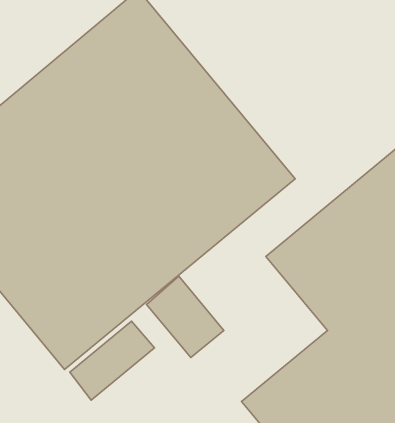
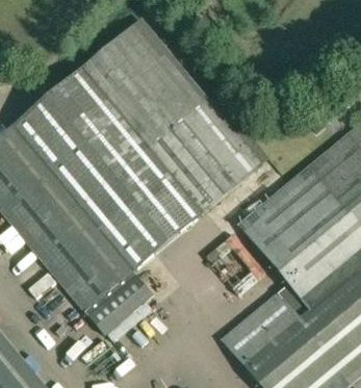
building: [147,276,224,358] -> none

